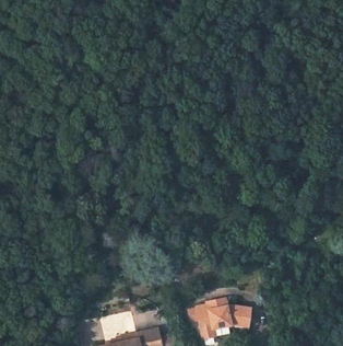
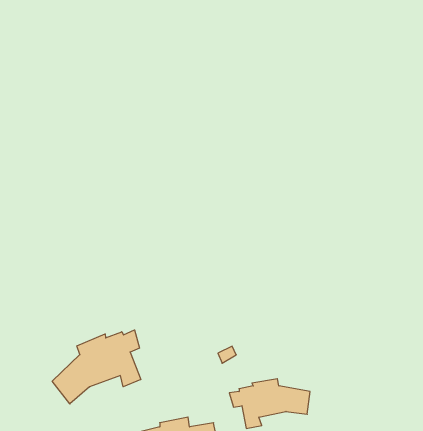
building: none -> [52,330,141,404]

